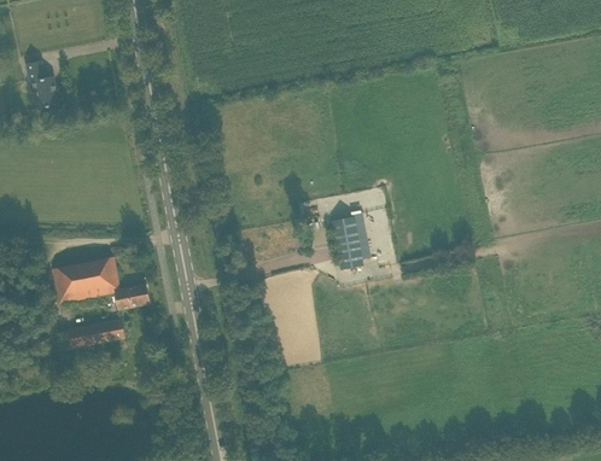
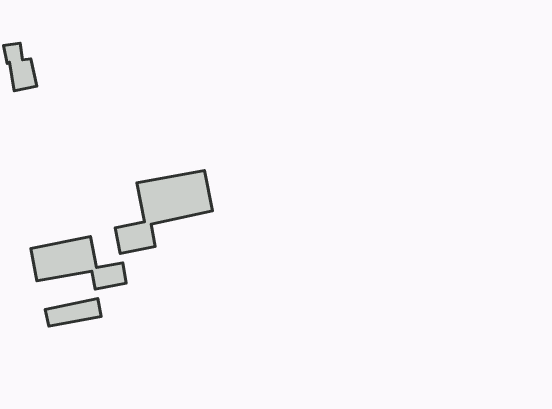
building: none -> [115,170,212,253]
building: [333,211,373,268] -> none

